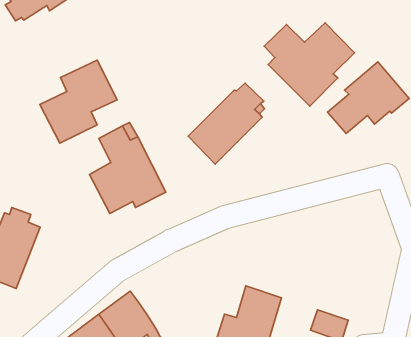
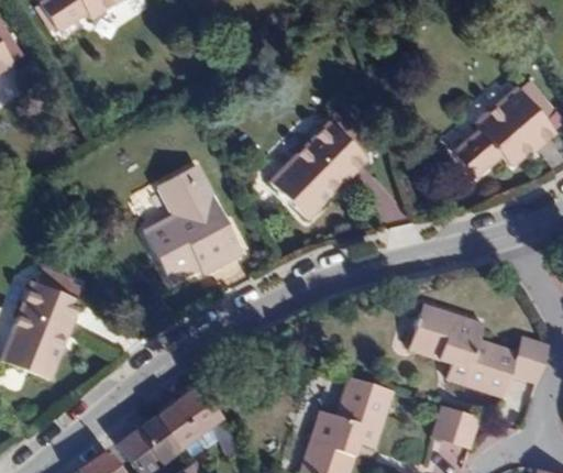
building: [264,23,354,106] -> none
building: [40,60,117,143] -> none
building: none -> [407,304,545,396]

